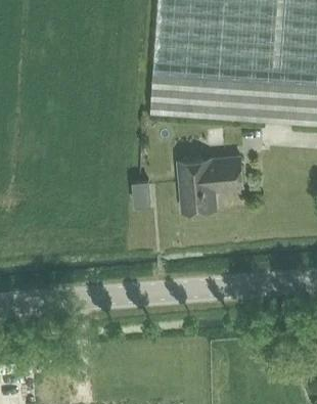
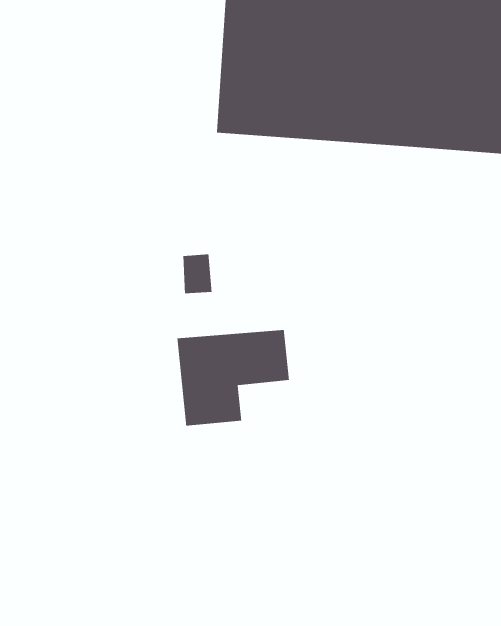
building: [175,154,240,211] -> [177,329,290,426]

